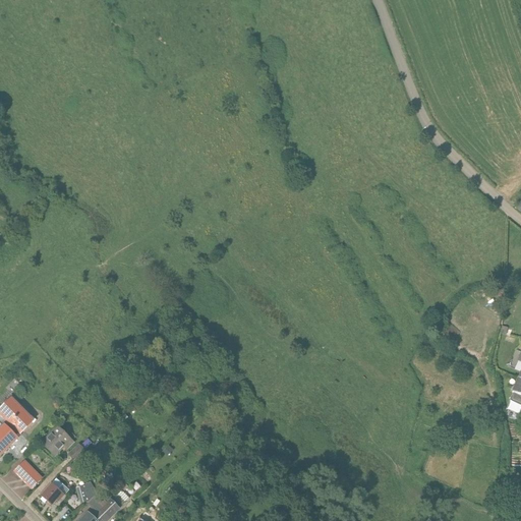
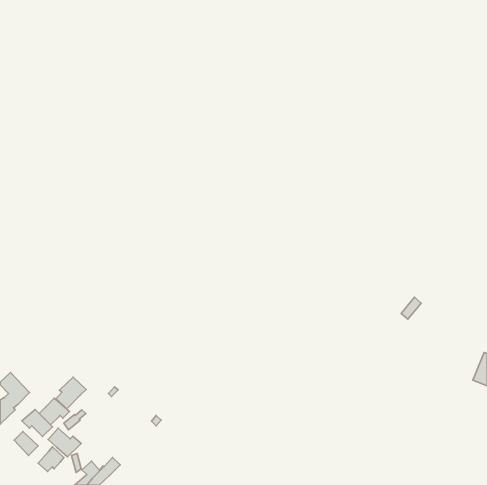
building: none -> [56,377,86,409]
building: none -> [22,410,52,437]
building: none -> [48,428,81,457]

